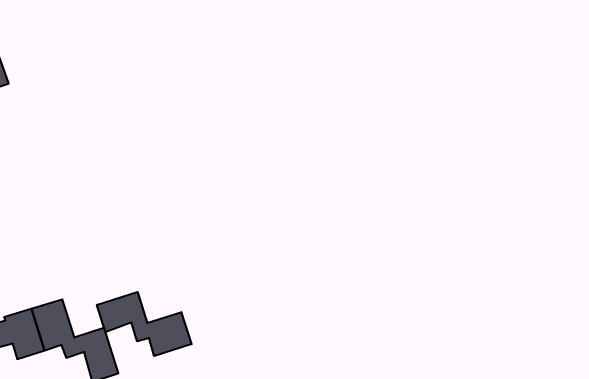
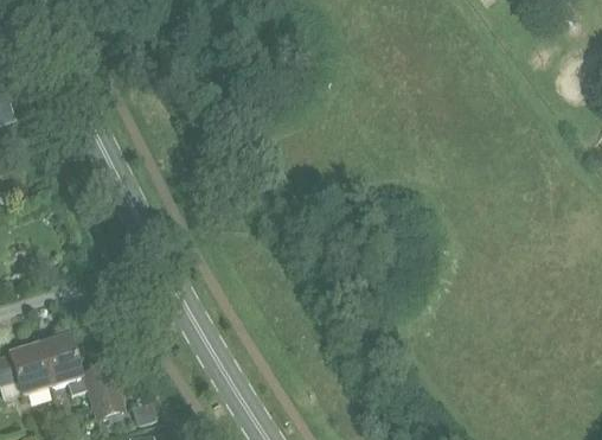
building: [97,292,192,356] -> none

